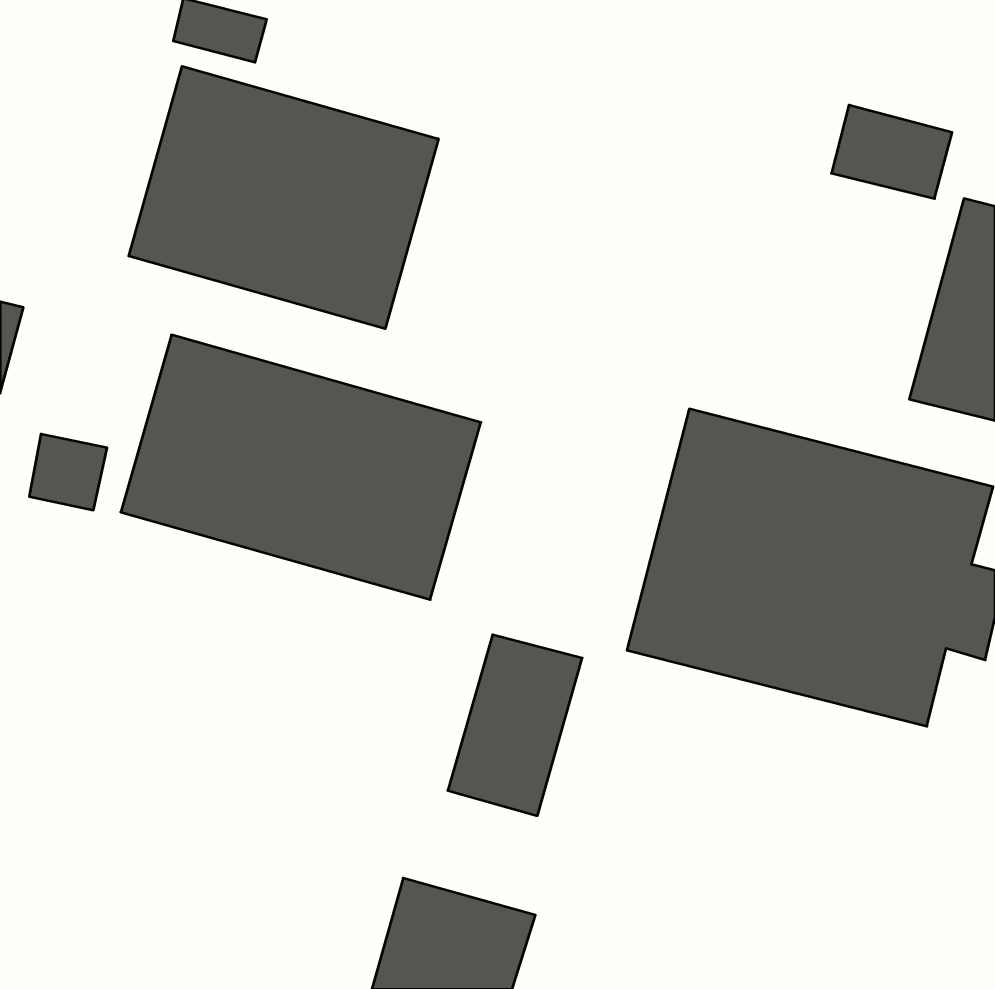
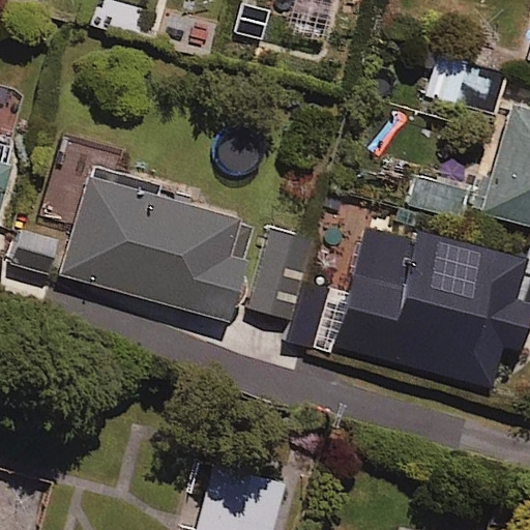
building: [129,66,438,329] -> none
building: [448,635,582,816] -> [243,225,315,321]

